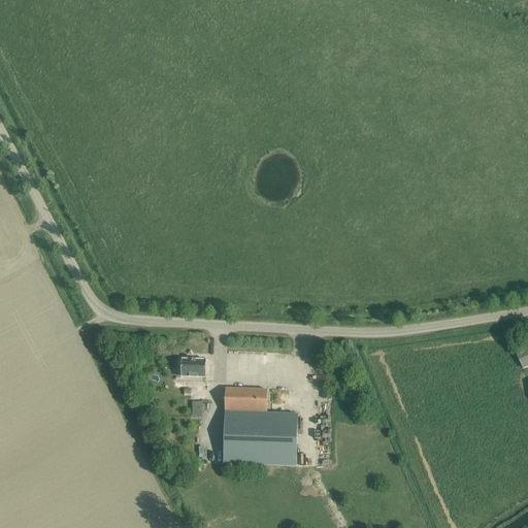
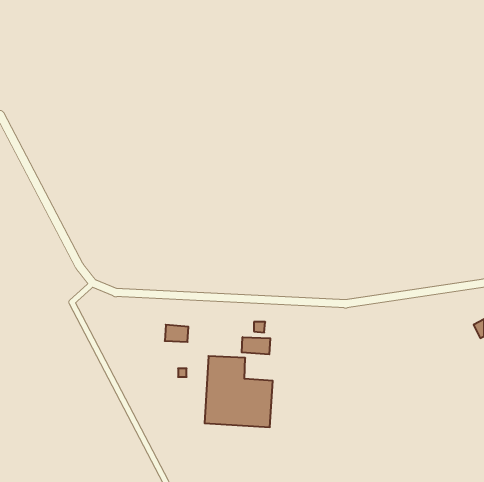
building: none -> [242,337,270,354]

